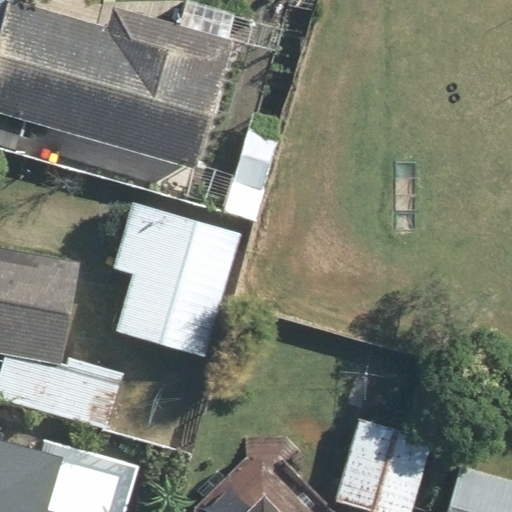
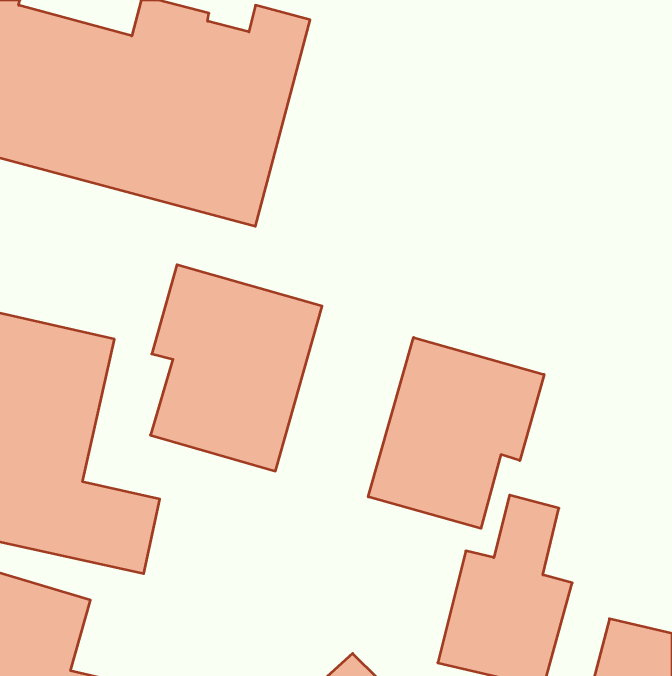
building: none -> [368,337,544,528]

